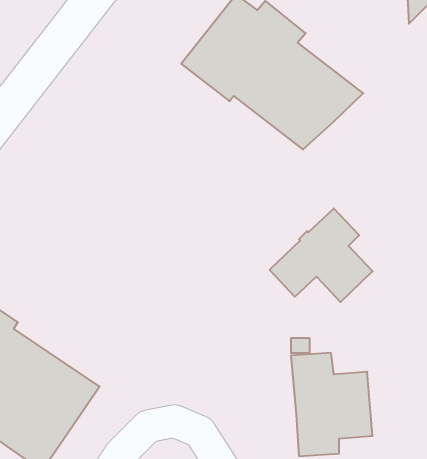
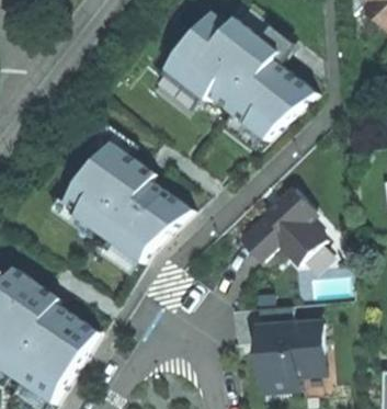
building: none -> [62,143,191,262]

